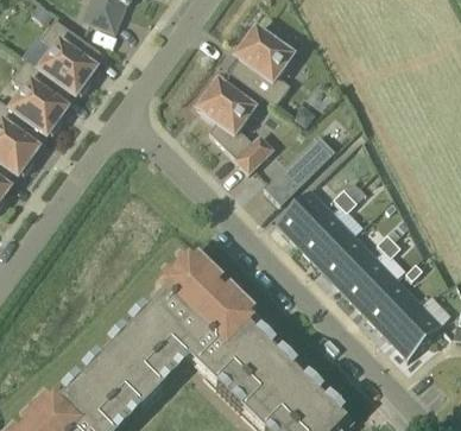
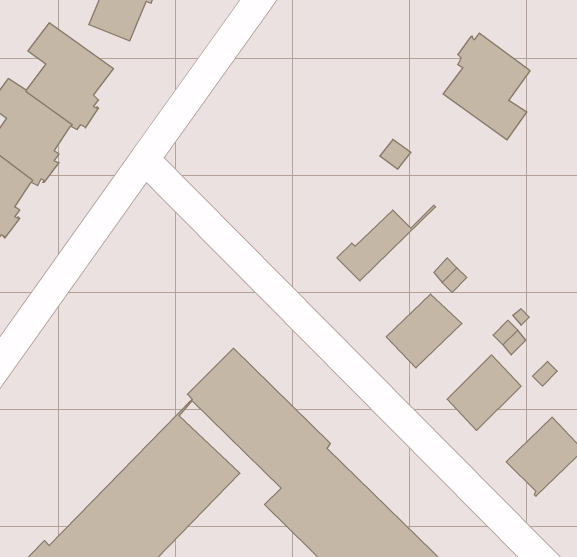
building: [229,28,292,106] -> [443,33,530,140]
building: [201,81,272,172] -> none
building: [277,191,331,246] -> none
building: [321,236,375,291] -> none
building: [365,281,419,336] -> none

